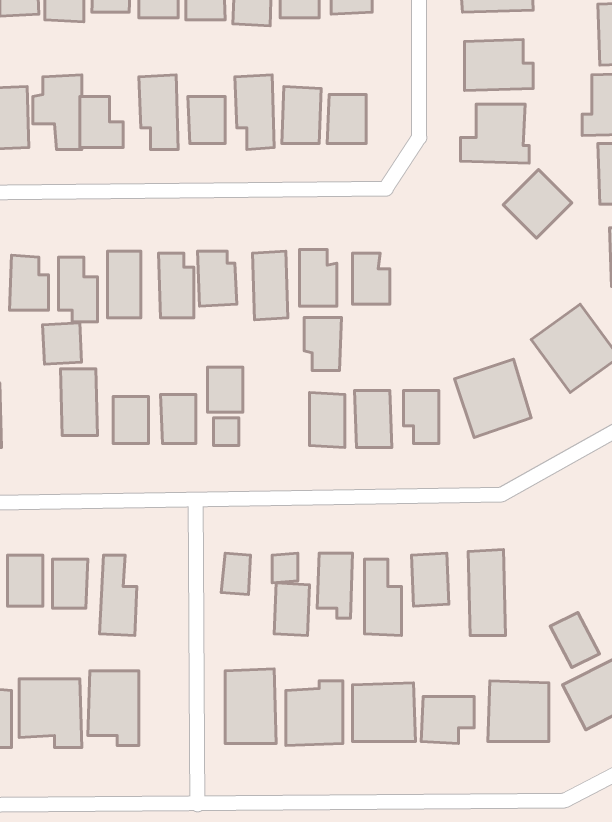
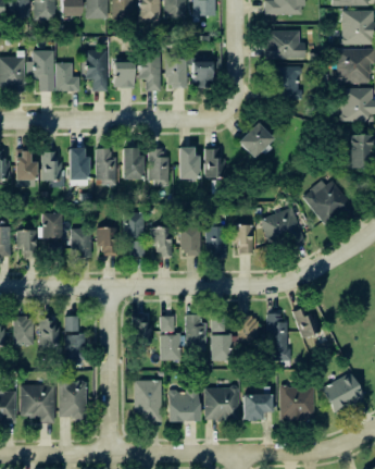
building: [503,170,572,238] -> [237,122,275,160]
building: [304,318,341,371] -> [151,227,172,257]
building: [42,323,82,364] -> [15,230,37,252]
building: [550,613,599,667] -> [292,308,320,338]

